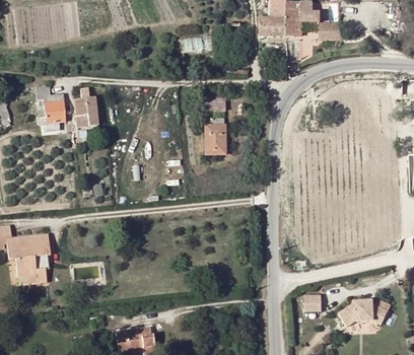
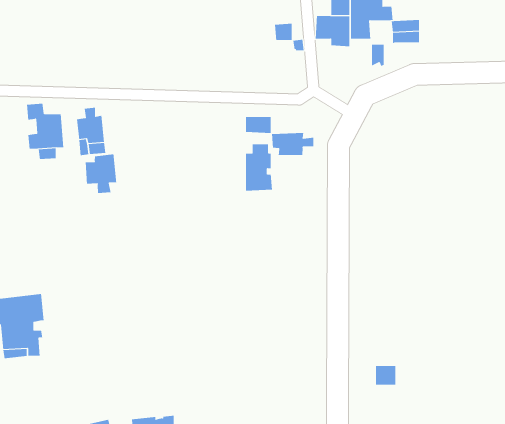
building: none -> [272,132,314,156]
building: none -> [85,154,117,194]
building: [335,295,389,323] -> none

